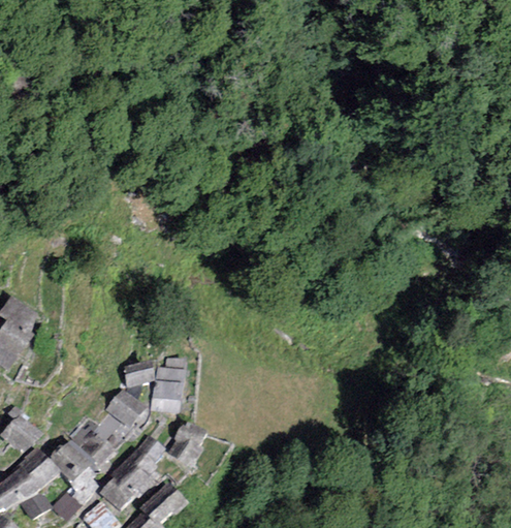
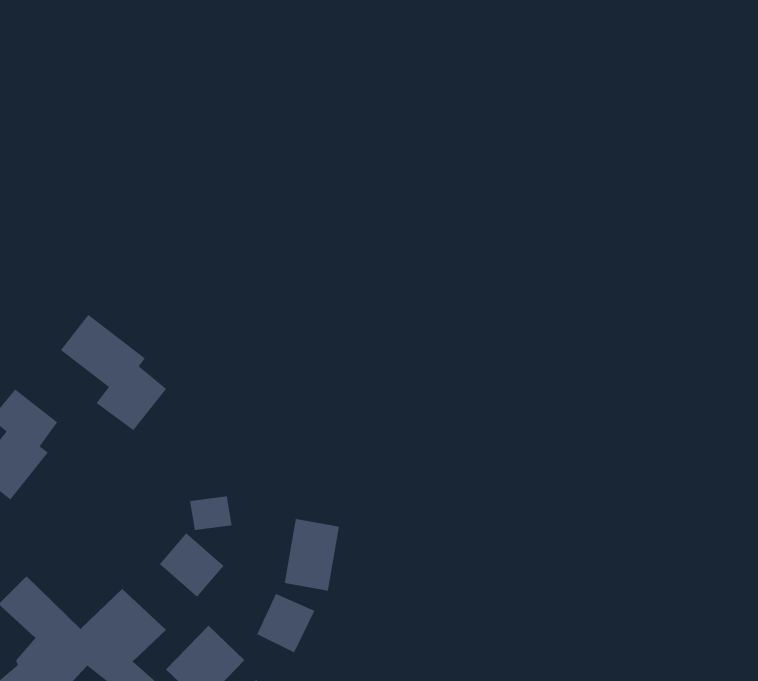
building: none -> [60,314,167,431]
building: [151,366,187,413] -> [284,518,340,592]

